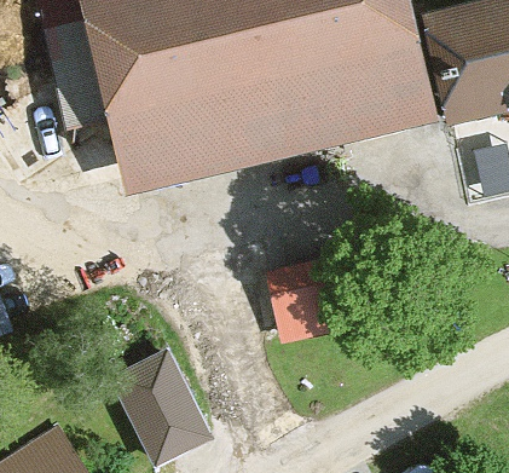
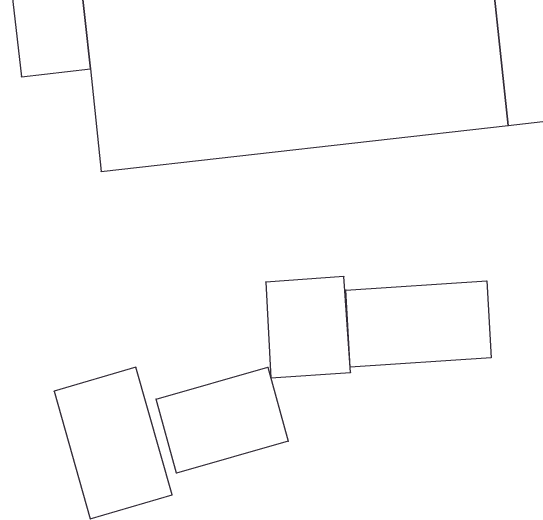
building: none -> [346,281,491,367]
building: none -> [156,367,288,473]

